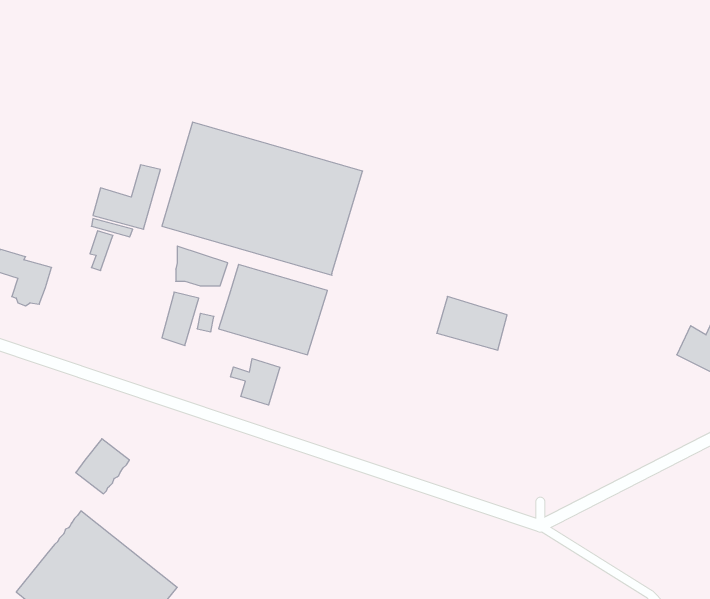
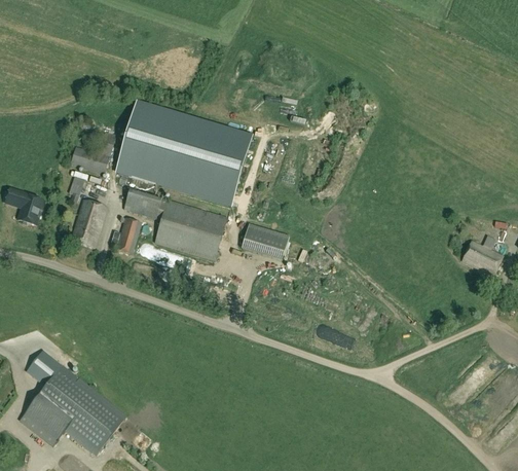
building: none -> [70,198,107,248]
building: [437,296,507,350] -> [240,223,288,259]
building: [231,359,280,405] -> none
building: [76,439,129,494] -> [26,350,62,387]

